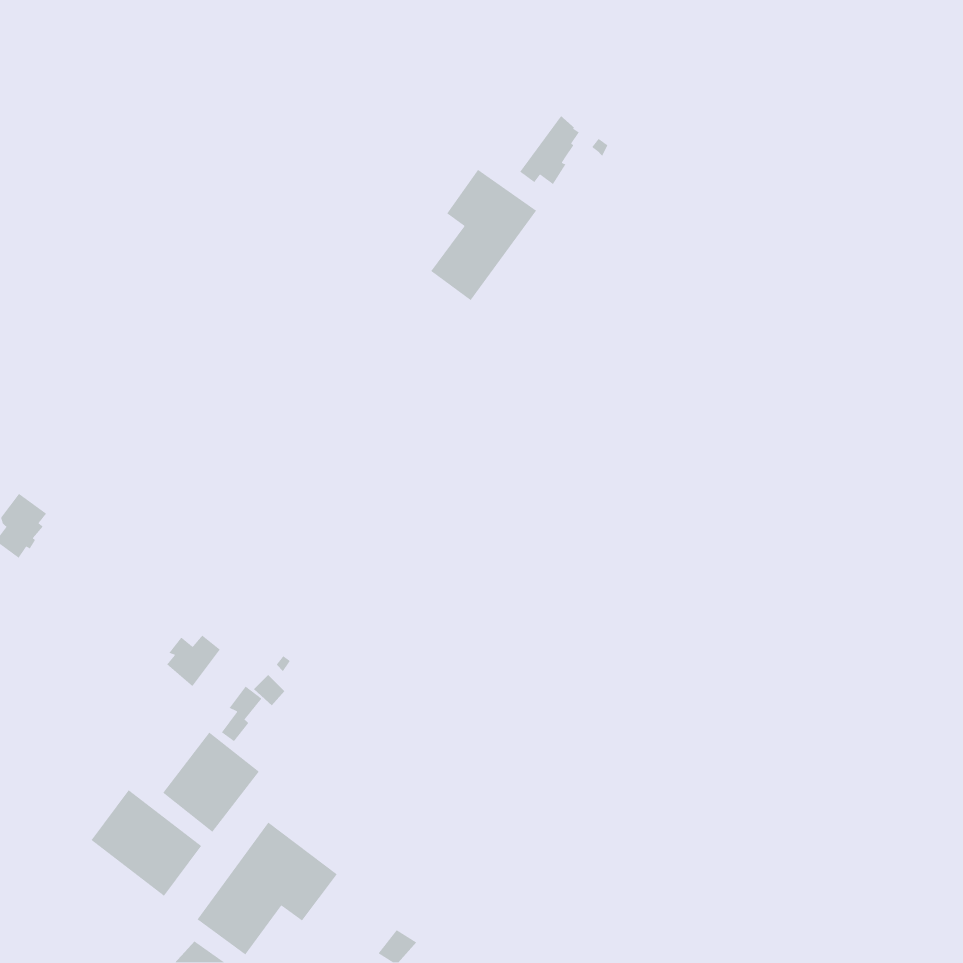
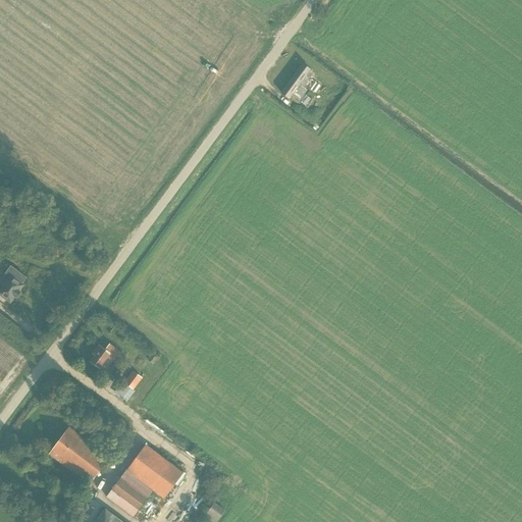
building: [430,169,537,301] -> none
building: [162,732,260,833] -> none

